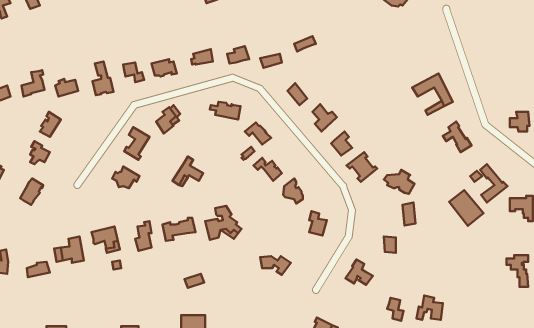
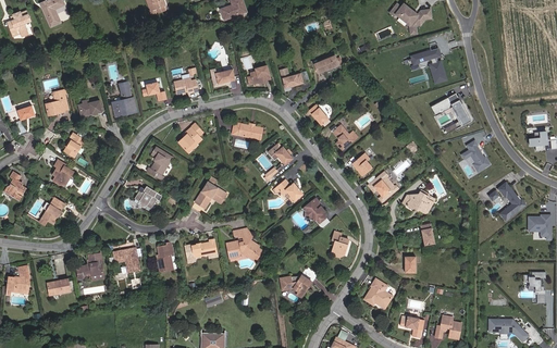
building: none -> [411,49,447,85]
building: [449,190,484,226] -> none
building: none -> [490,320,529,341]

